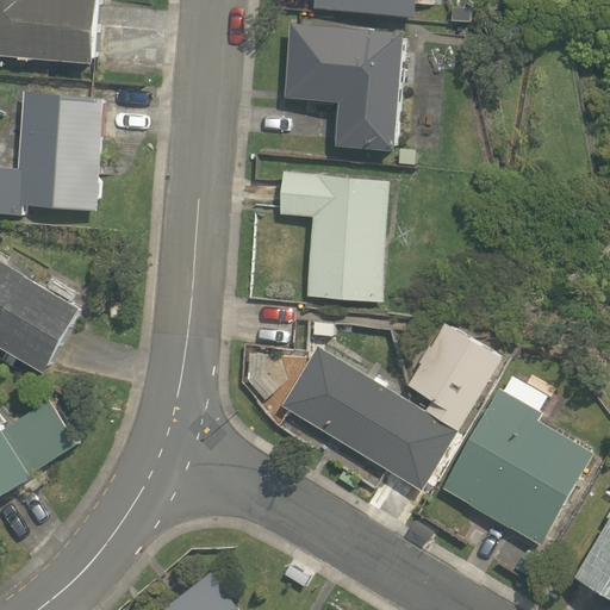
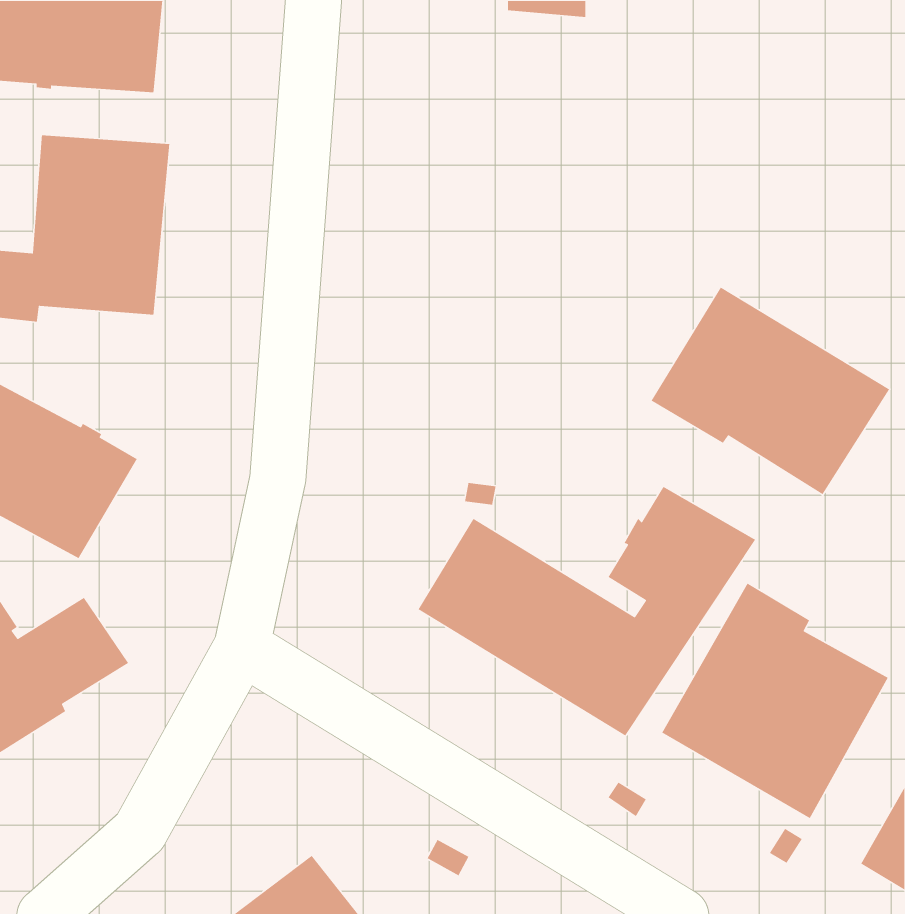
building: [280,25,403,151] -> none
building: [276,170,390,303] -> none
building: none -> [651,286,890,495]

